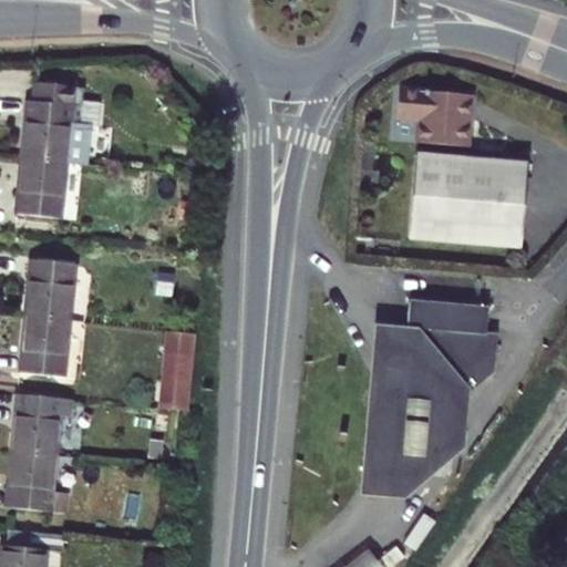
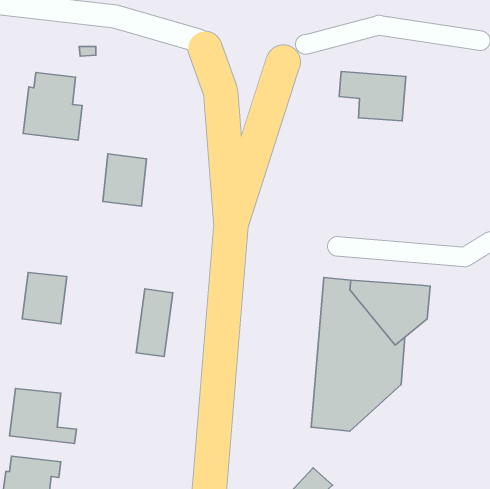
building: [404,154,522,245] -> none
building: [21,158,71,218] -> [103,154,146,206]
building: [32,262,82,322] -> none
building: [402,300,484,332] -> none
building: [18,396,87,456] -> none

